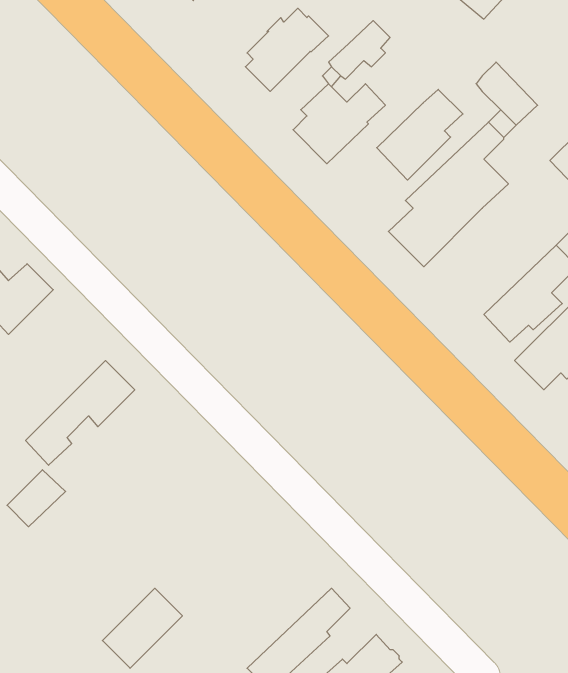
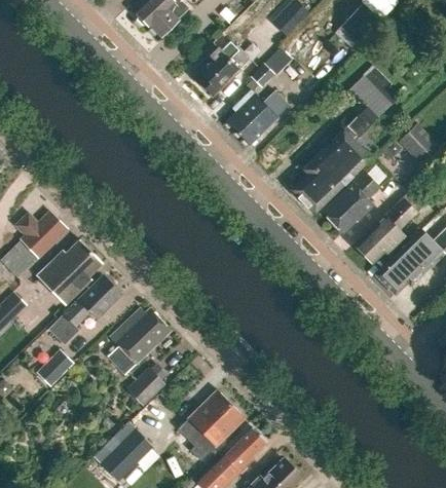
building: [377,89,463,180] -> [323,172,380,232]
building: none -> [37,239,103,305]
building: none -> [110,308,171,372]
building: none -> [126,366,165,405]
building: none -> [186,389,245,450]

